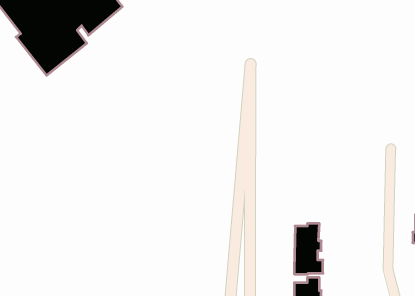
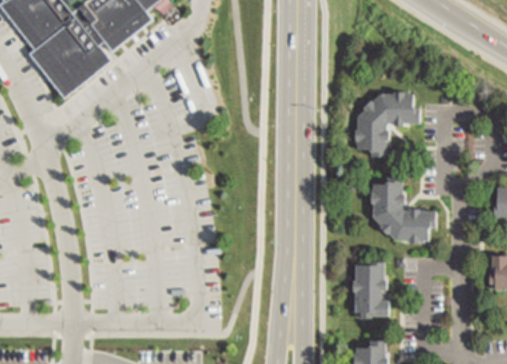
building: none -> [353,100,417,164]
building: none -> [371,181,434,246]

